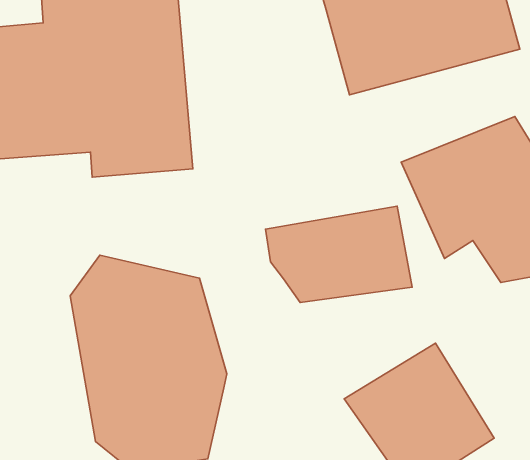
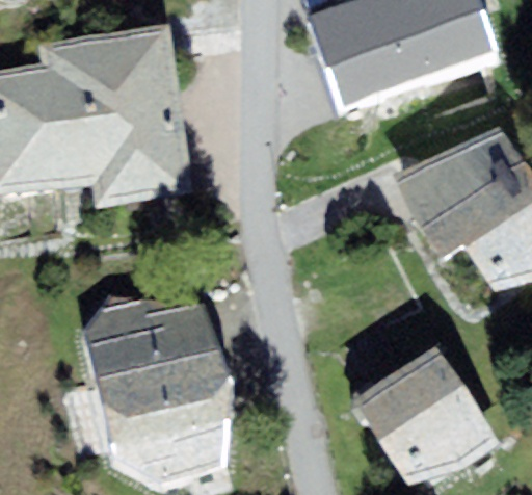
building: [265,206,412,302] -> none

